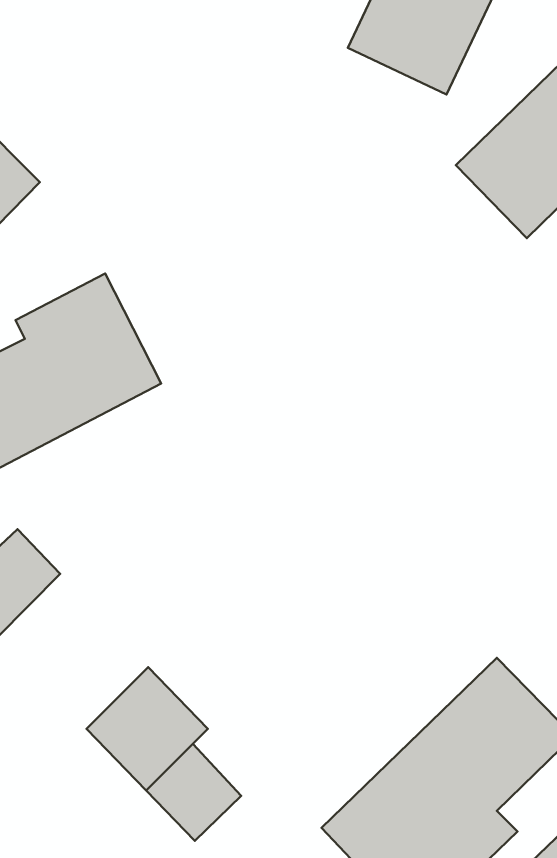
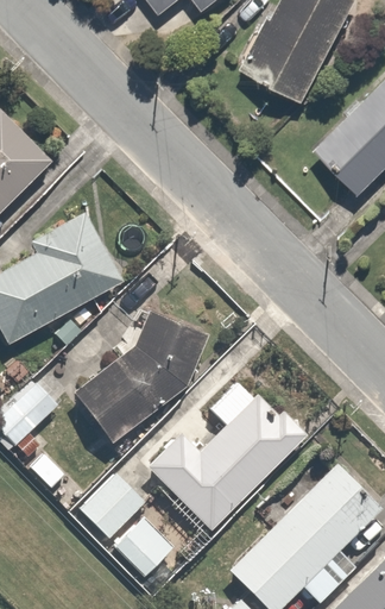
building: none -> [77,312,204,446]
building: none -> [150,382,303,530]

